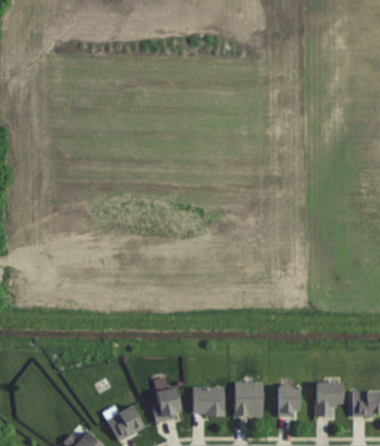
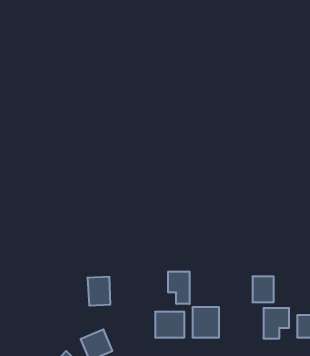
building: none -> [168,272,190,304]
building: [275,386,299,415] -> [252,276,274,302]
building: [153,389,179,421] -> [87,277,110,305]

